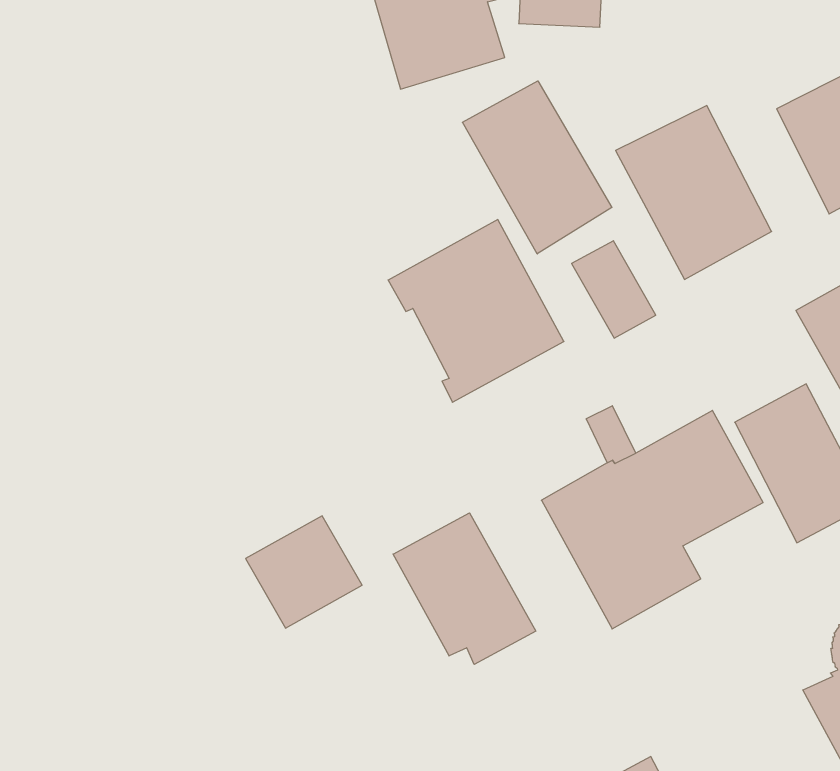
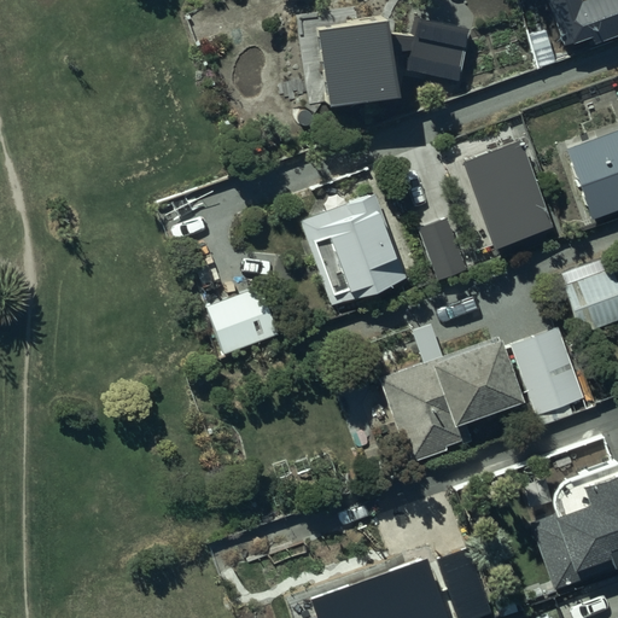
building: [462,81,612,254] -> none
building: [393,513,536,664] -> none
building: [246,516,362,628] -> [205,288,278,357]

